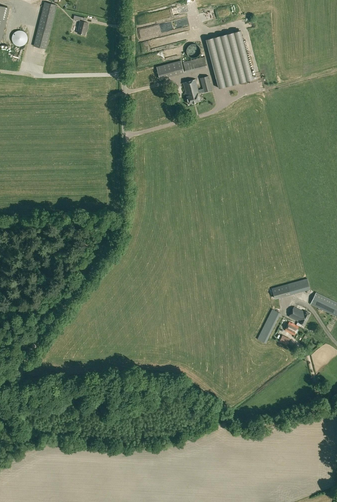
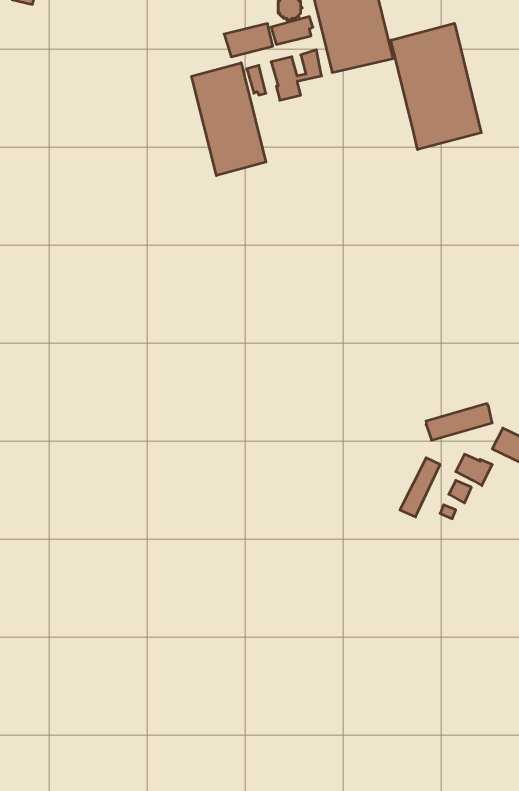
building: none -> [391,23,481,150]
building: none -> [192,63,266,176]

